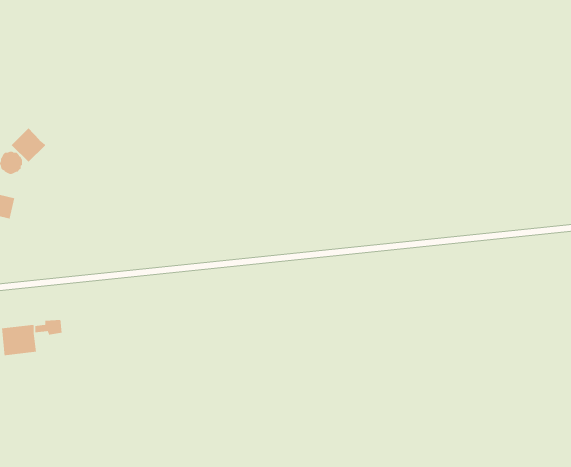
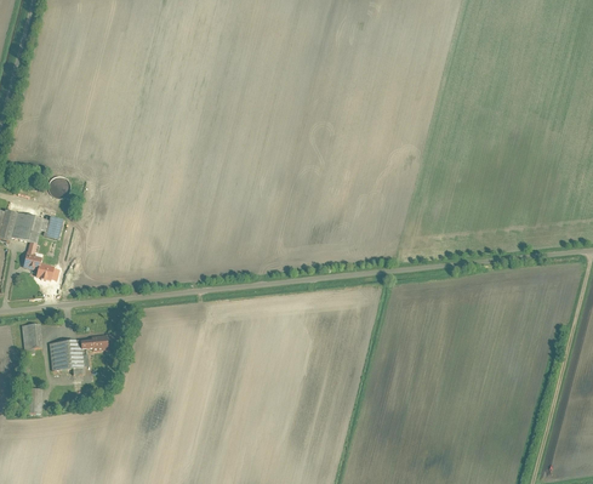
building: [11,128,46,162] -> none

